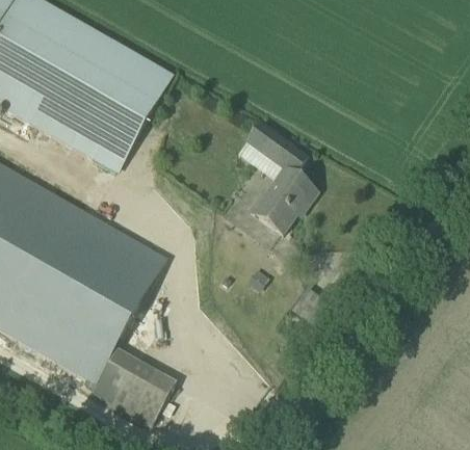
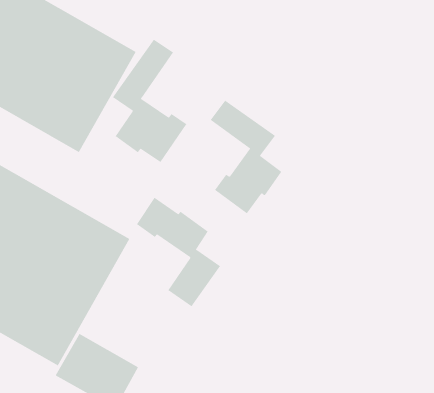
building: none -> [112,39,187,163]
building: none -> [136,197,221,307]

